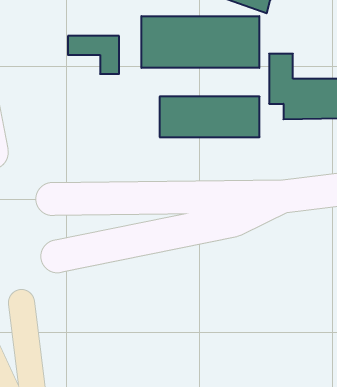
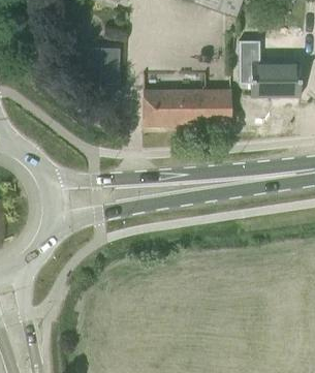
building: [141,16,259,68] -> none

